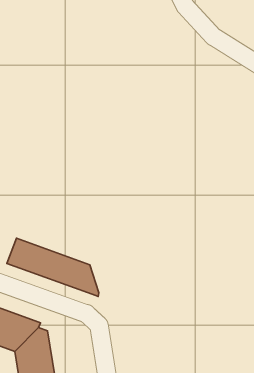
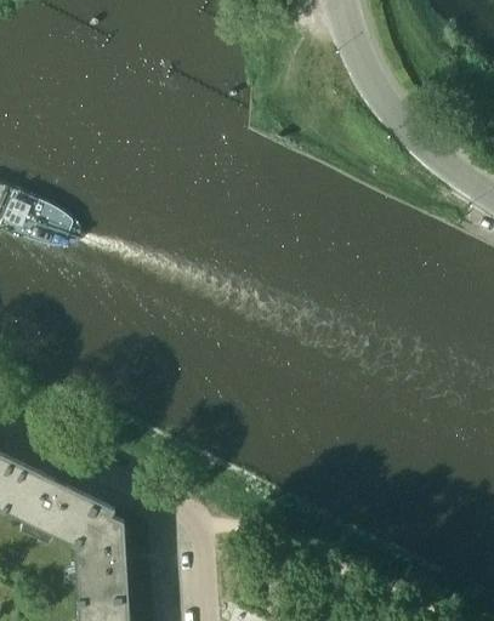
building: [7,238,99,296] -> none

